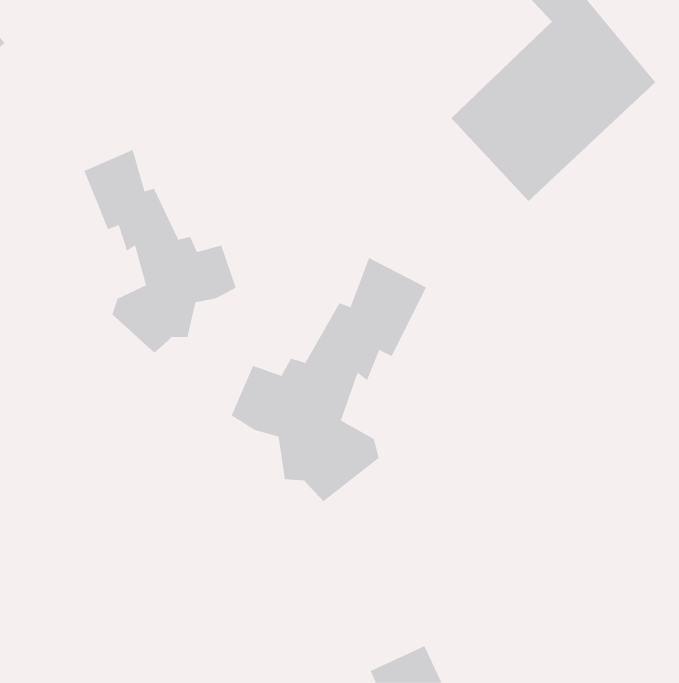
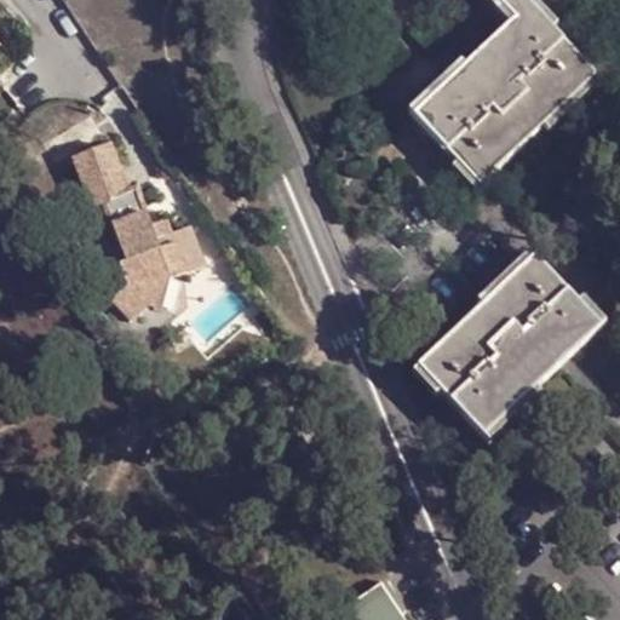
building: [231,257,427,502] -> none
building: none -> [418,254,597,437]

